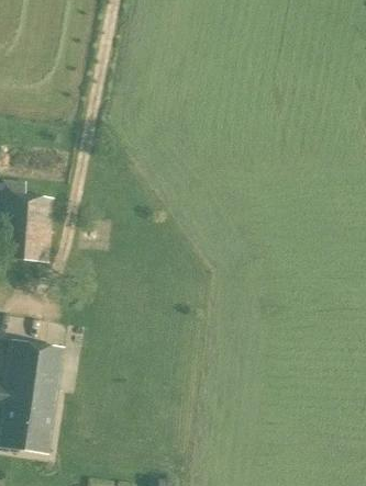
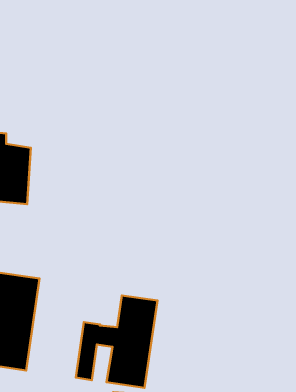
building: none -> [76,295,157,388]

